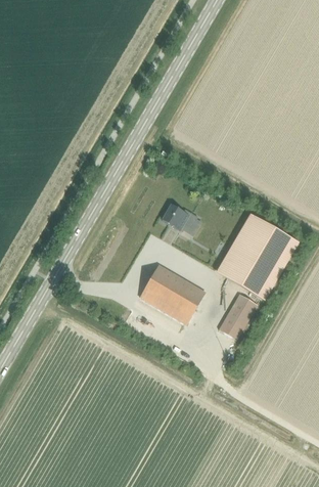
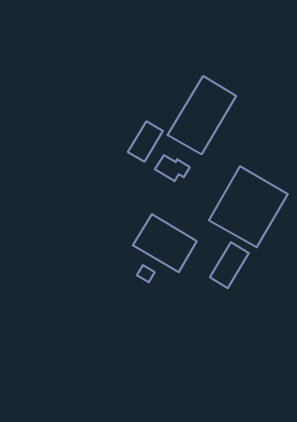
building: none -> [168,76,236,154]
building: none -> [128,121,163,162]

